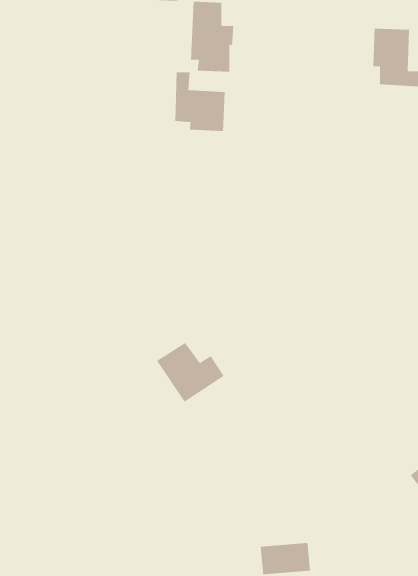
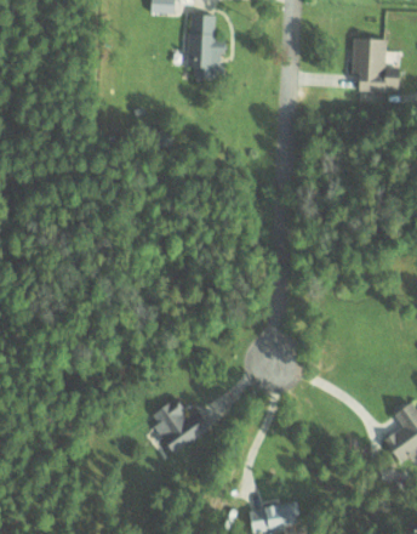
building: [175,72,225,132] -> none
building: [156,342,224,403] -> [149,397,211,451]

